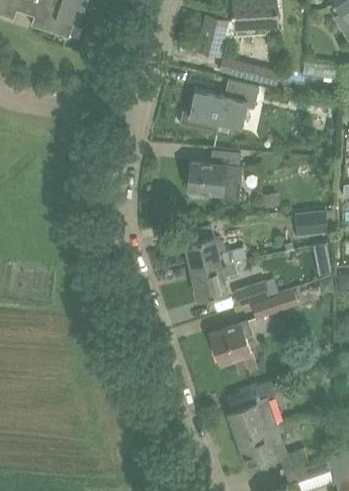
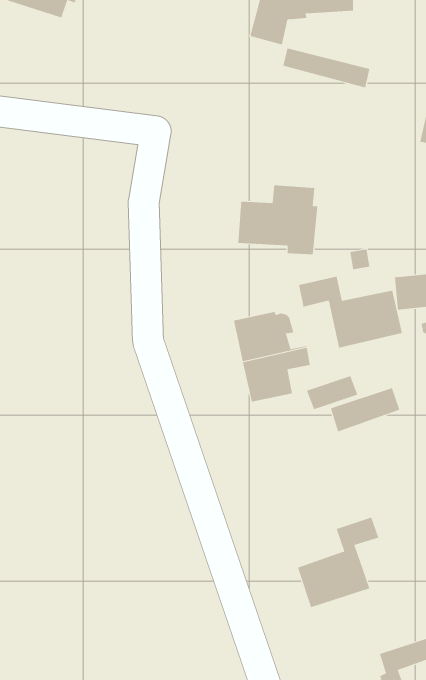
building: [180,81,259,132] -> none
building: none -> [298,276,402,348]
building: [210,321,255,373] -> none
building: [238,425,287,466] -> none

